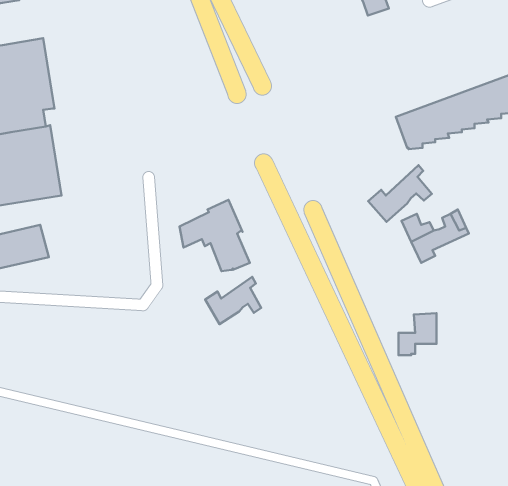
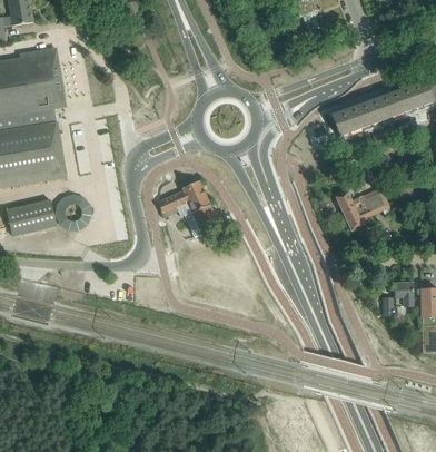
building: [368,165,432,222] -> none
building: [205,277,261,324] -> none
building: [398,313,436,355] -> [383,282,413,315]

